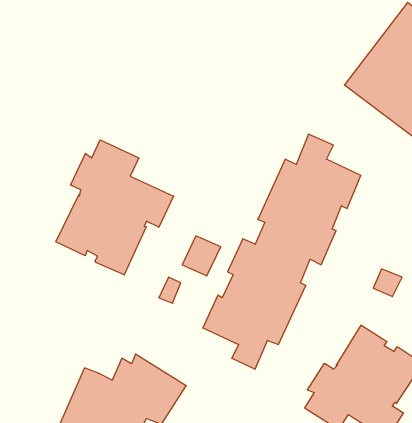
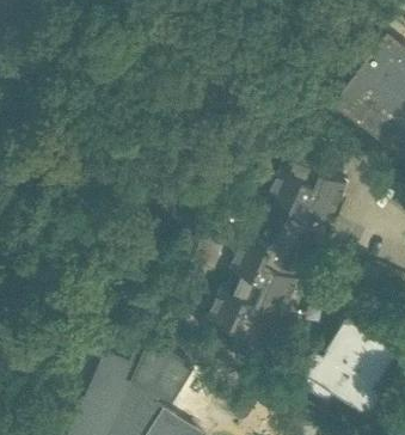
building: [56,140,174,275] -> none

